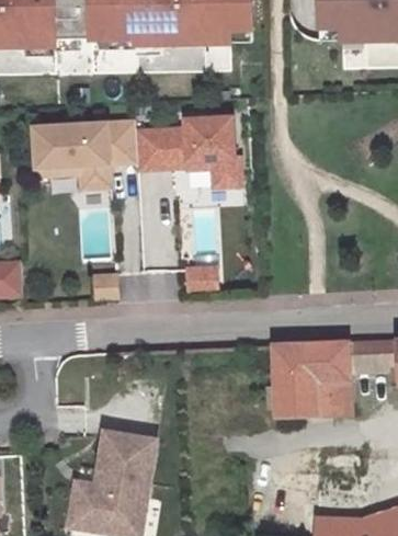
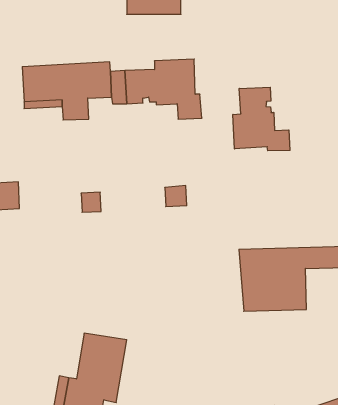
building: none -> [233,87,290,151]

